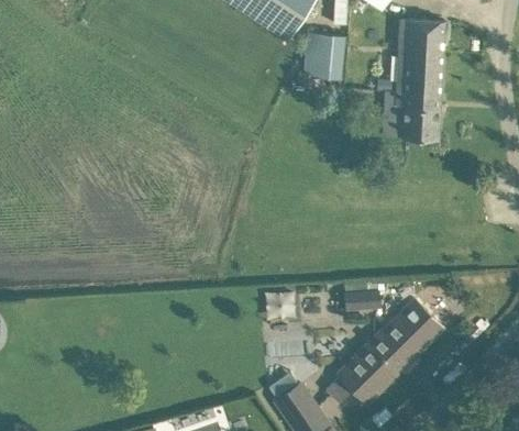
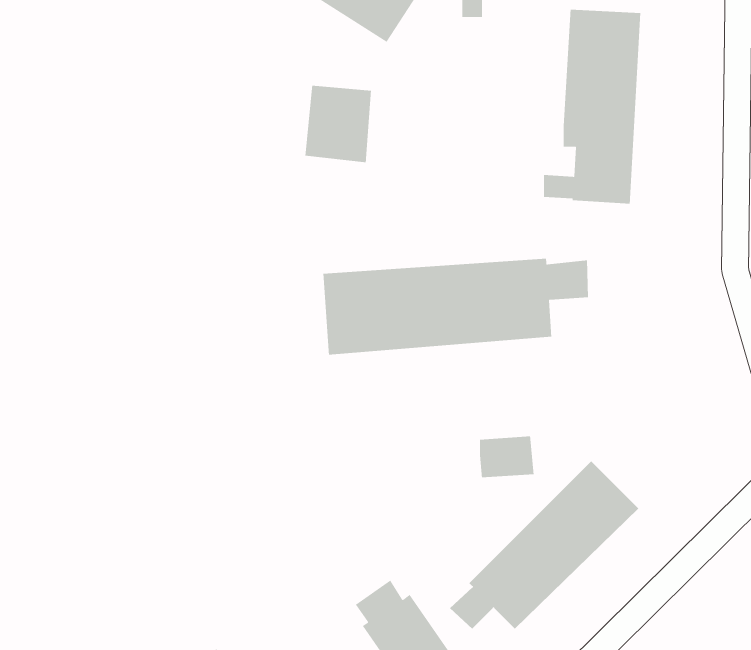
building: [301,34,343,82] -> [304,85,372,163]
building: none -> [322,258,589,356]

